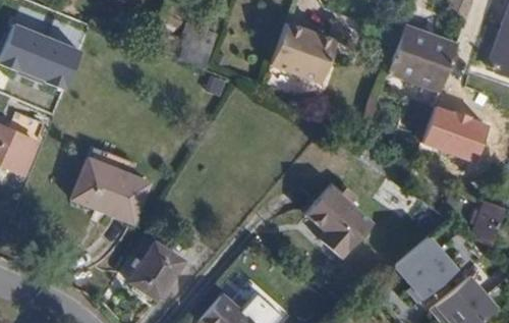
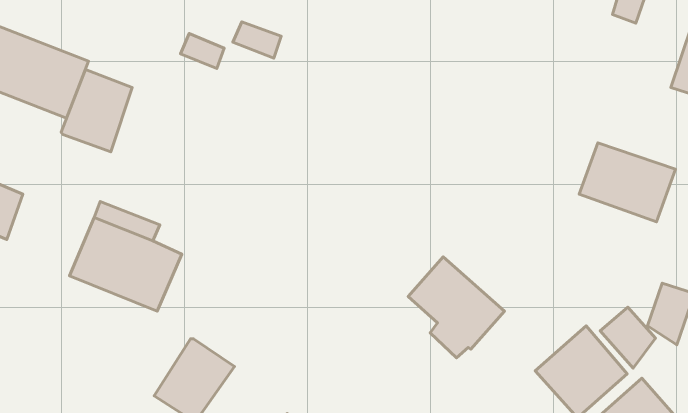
building: [270,19,342,80] -> none
building: [388,28,454,88] -> none
building: none -> [61,69,132,152]
building: none -> [600,307,655,368]

